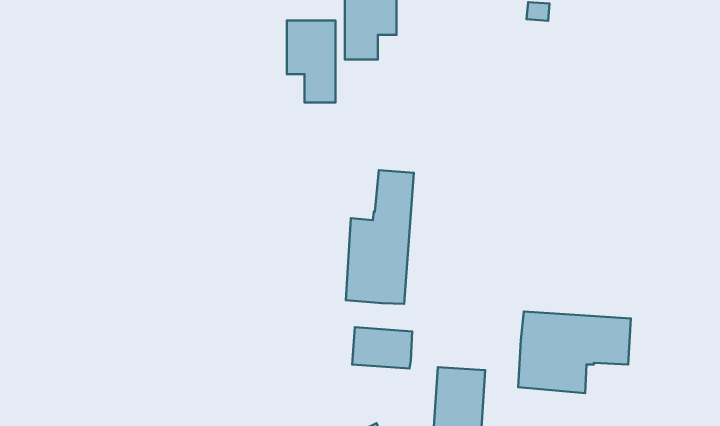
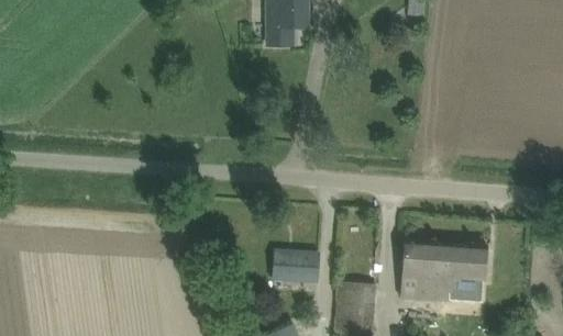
building: [287,21,335,103] -> none
building: [346,170,414,304] -> none

